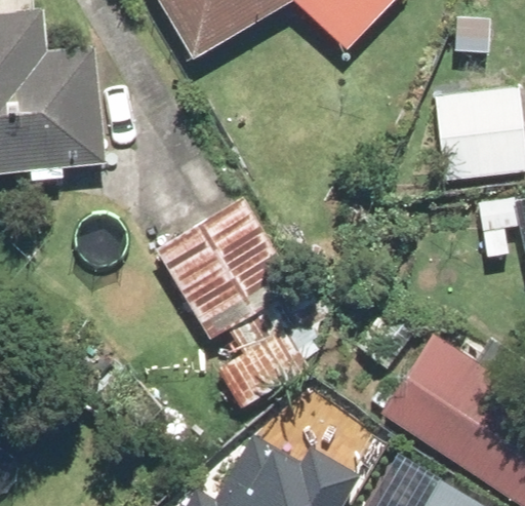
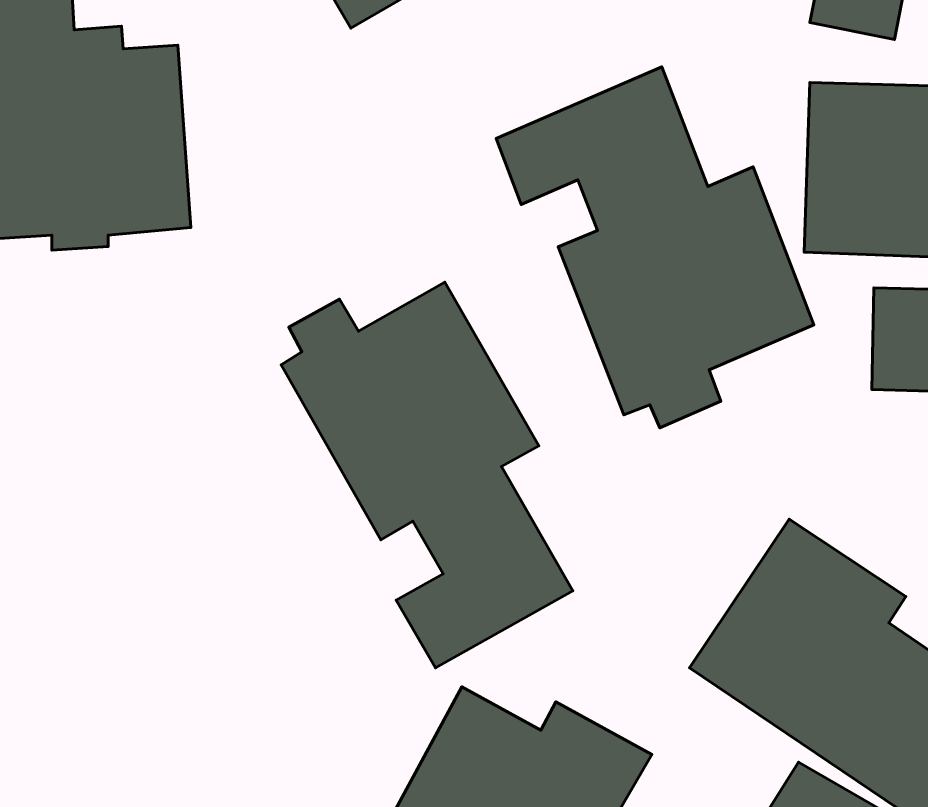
building: none -> [496,67,814,428]

